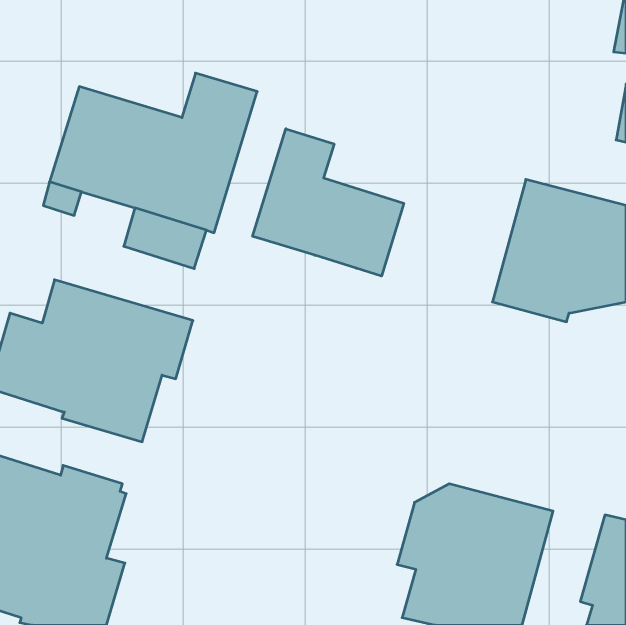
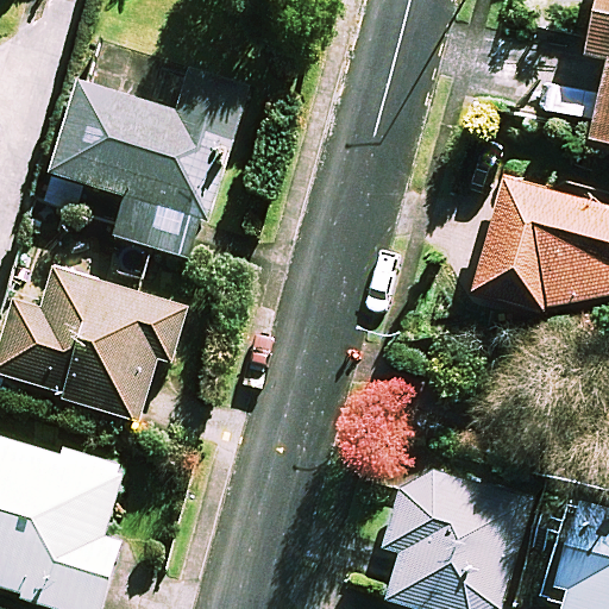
building: [253,129,404,276] -> none

